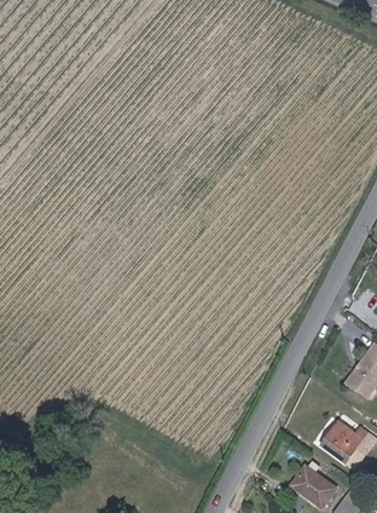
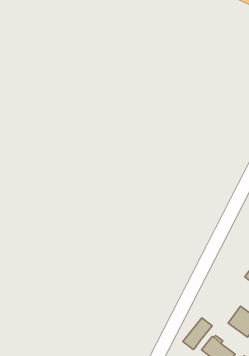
building: none -> [183,318,212,349]

